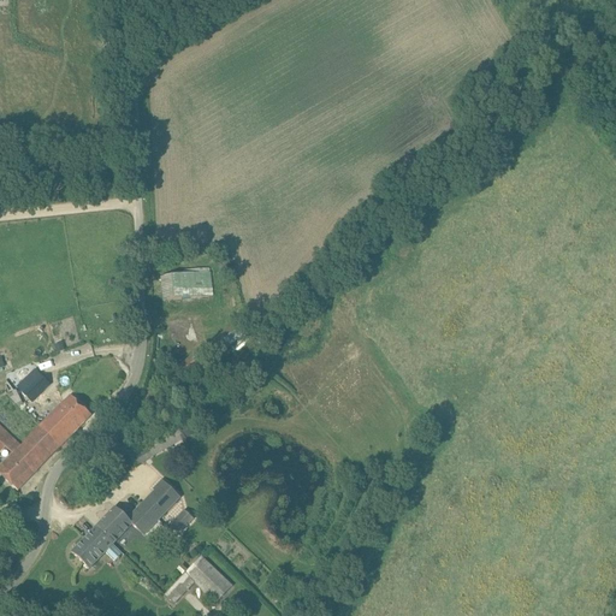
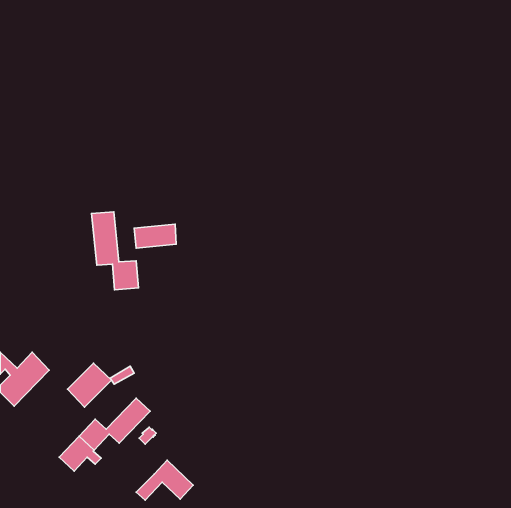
building: none -> [92,212,138,290]
building: [17,367,49,399] -> none
building: [38,392,91,445] -> [68,363,112,407]

